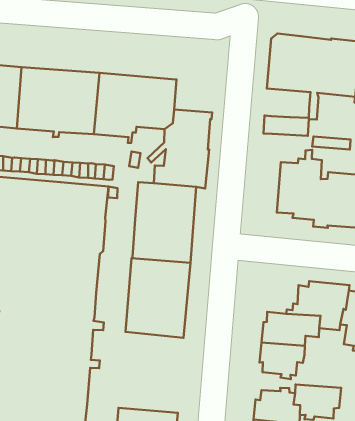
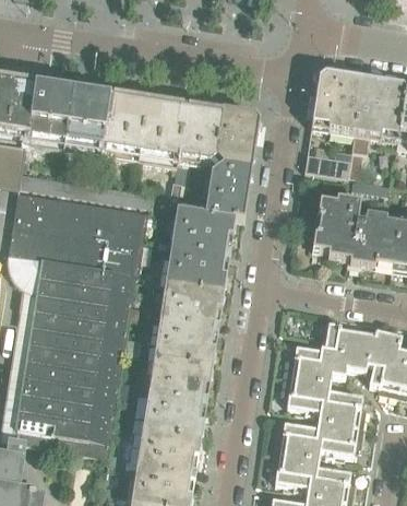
building: none -> [218,107,259,143]
building: none -> [143,353,212,436]
building: none -> [319,385,366,423]

